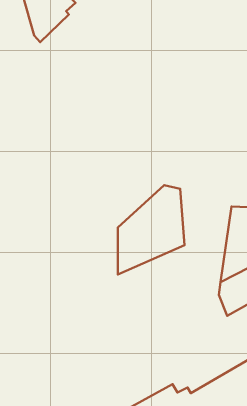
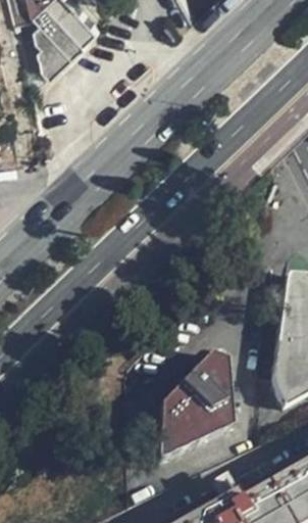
building: [118,185,184,275] -> [153,356,234,465]

